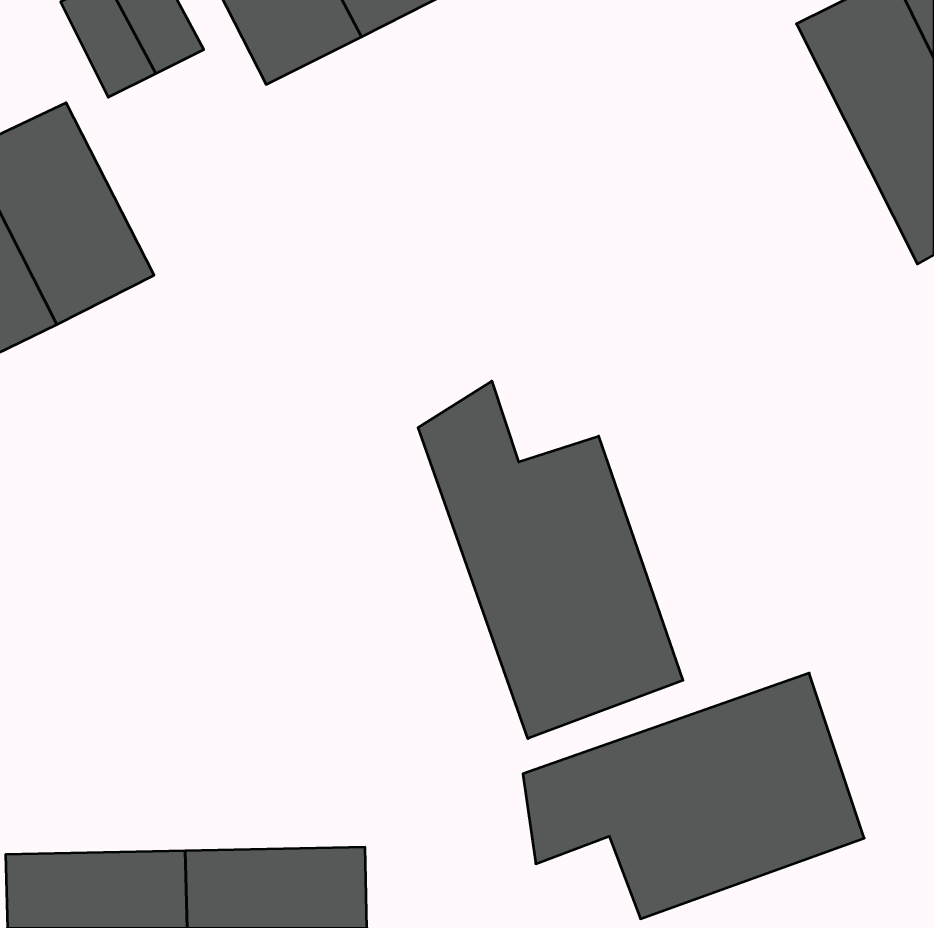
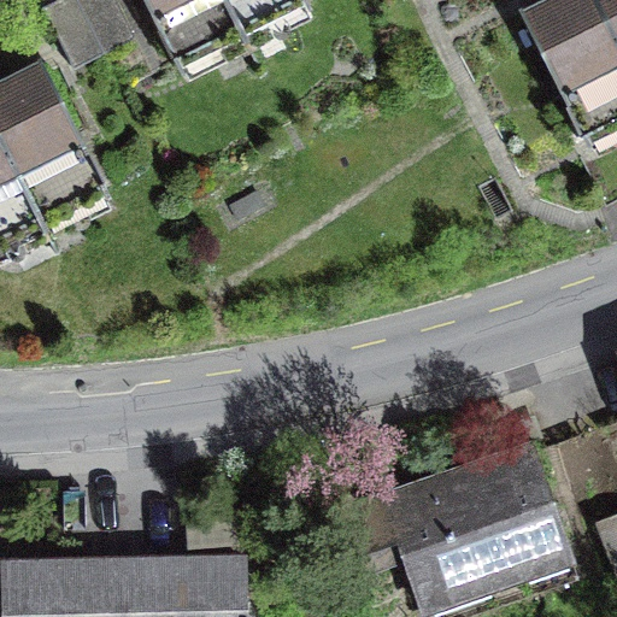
building: [418,381,683,739] -> none

